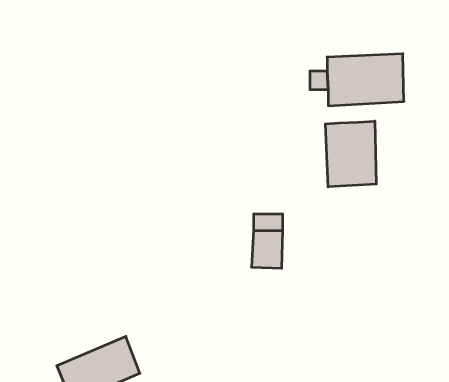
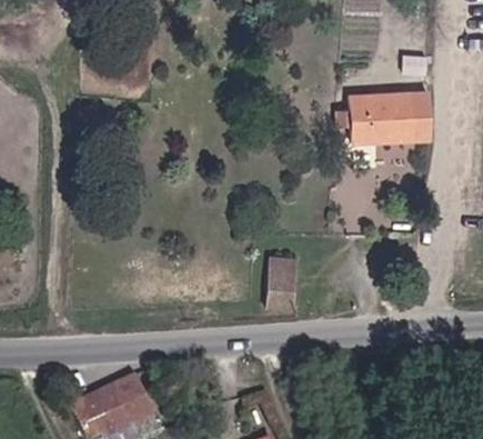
building: [325,121,376,187] -> none

